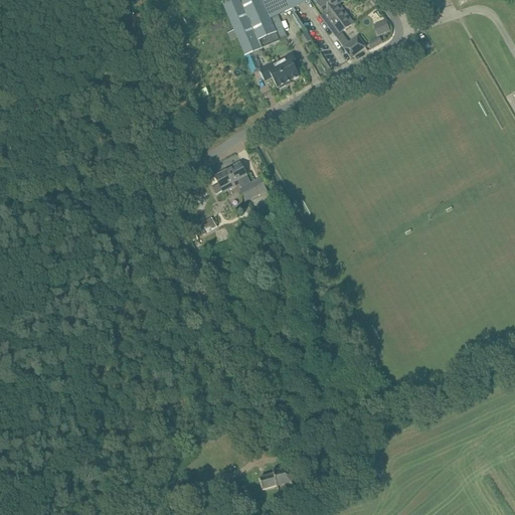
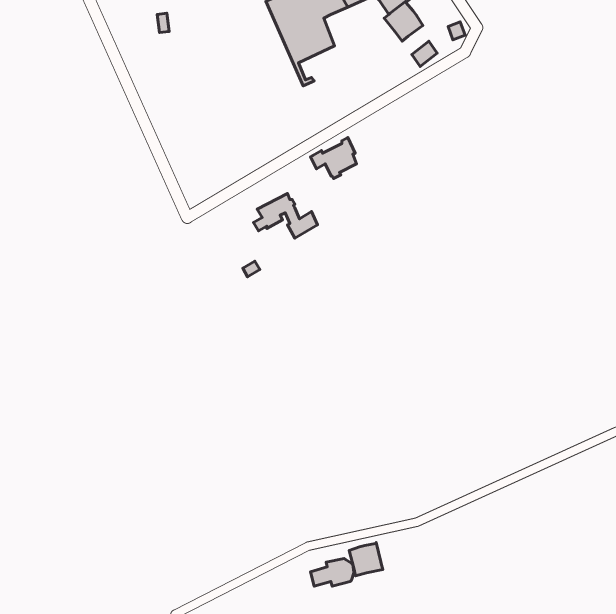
building: [260,52,298,87] -> [311,137,356,178]
building: none -> [349,543,383,576]

